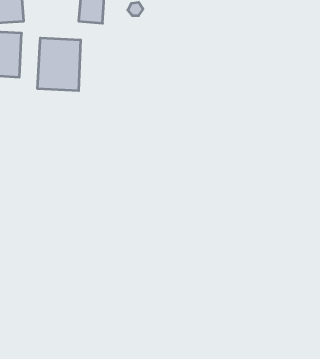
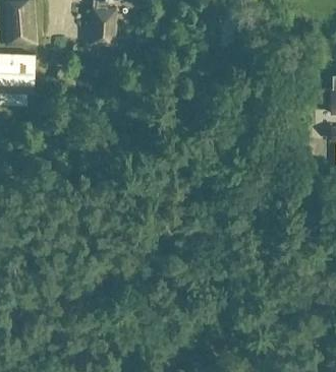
building: [38,38,81,91] -> none

